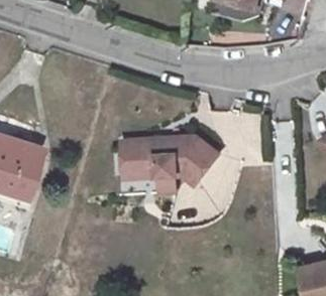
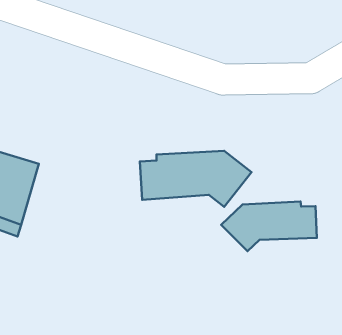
building: none -> [221,202,317,251]

